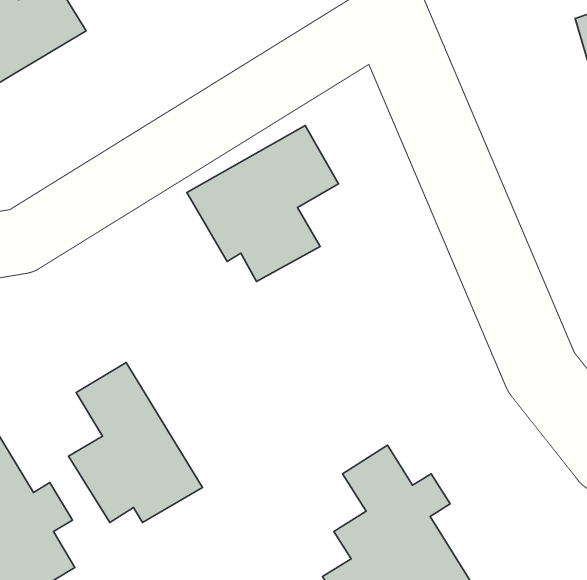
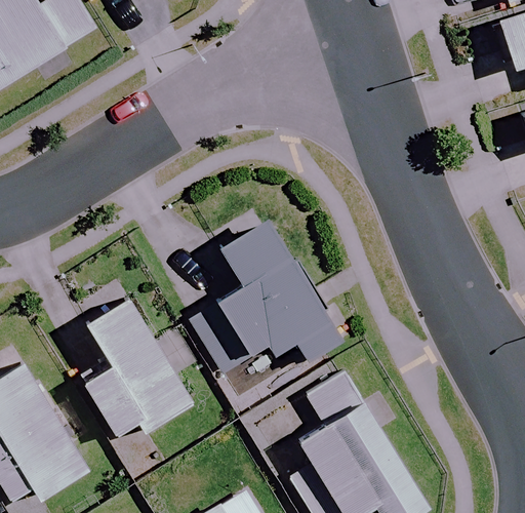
building: [187,126,339,282] -> none
building: none -> [194,221,340,371]

